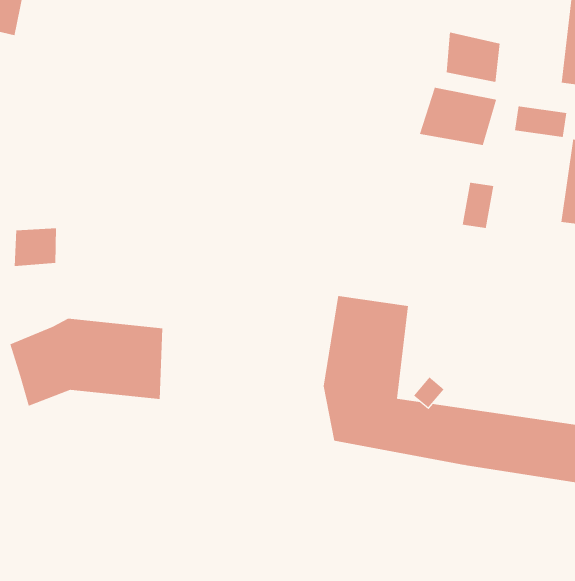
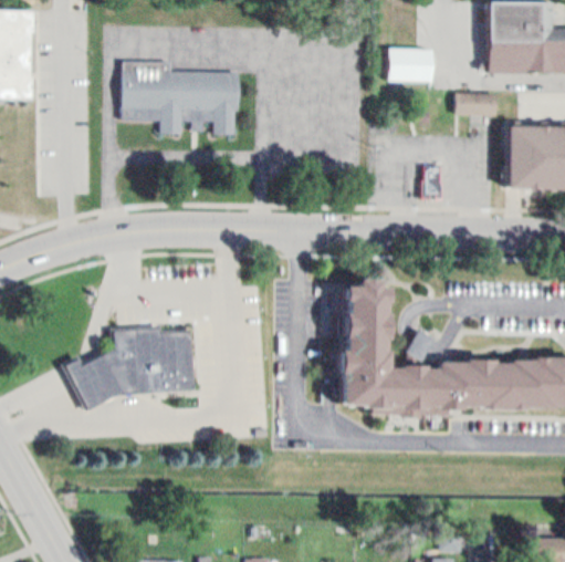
building: none -> [123,66,242,141]
building: [419,87,497,146] -> none
building: [14,228,56,267] -> none

